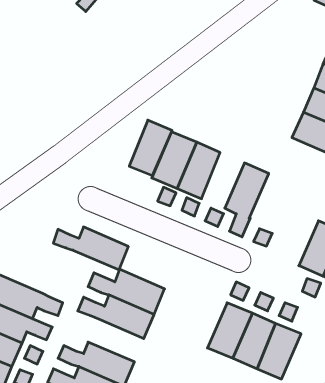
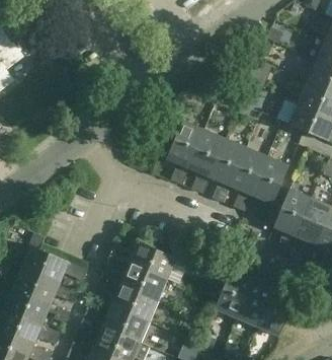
building: [129,120,172,176] -> [210,138,247,187]
building: none -> [251,156,289,205]
building: none -> [273,189,312,256]
building: [53,227,128,270] -> [93,284,159,321]

